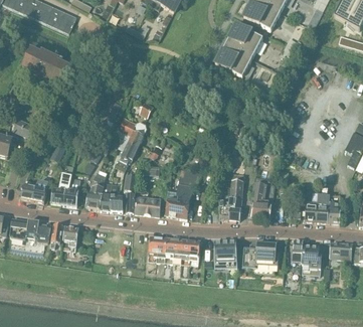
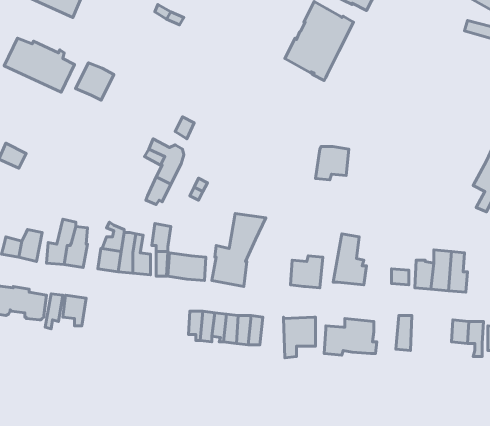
building: none -> [76,63,114,100]
building: [220,178,243,201] -> [315,146,349,180]
building: [302,246,322,274] -> none

